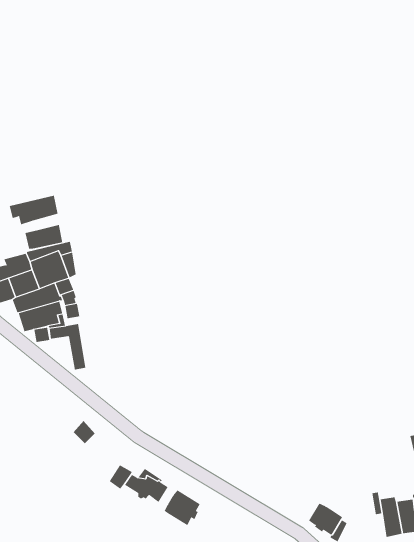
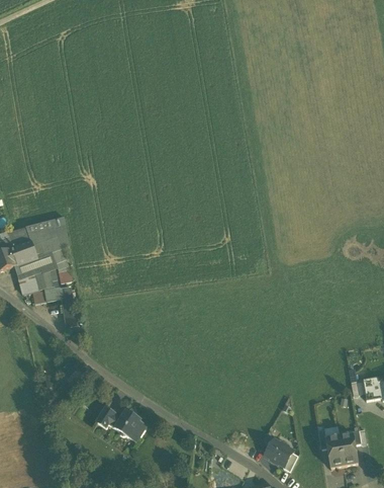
building: [9,195,58,225] -> none
building: [25,224,63,250] -> none
building: [164,489,200,526] -> none

